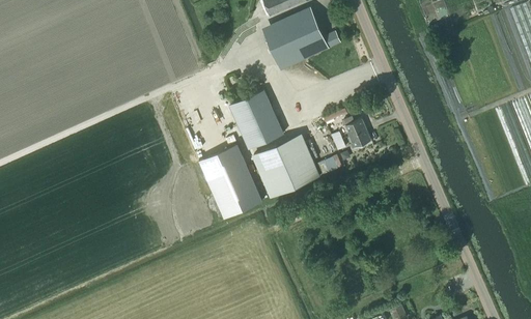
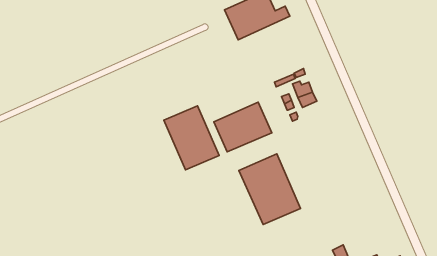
building: [229,88,283,148] -> none
building: none -> [239,154,301,224]

